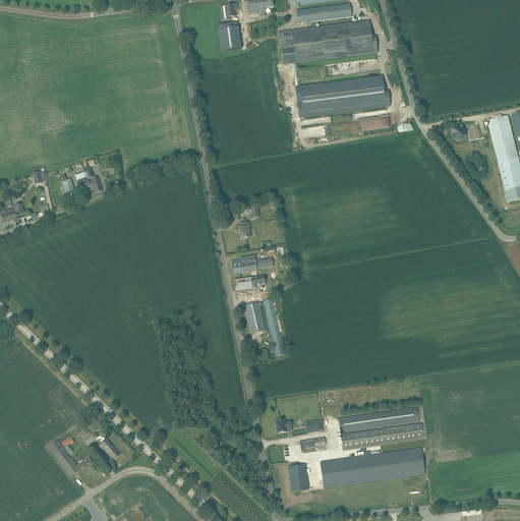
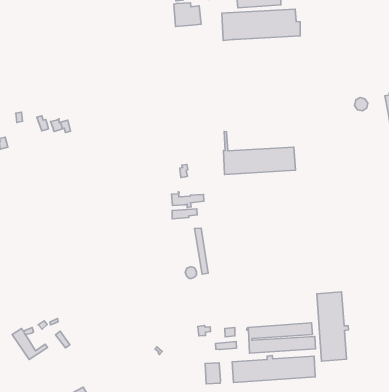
building: [294,62,386,115] -> [224,132,296,174]
building: [244,300,265,333] -> none
building: none -> [317,292,348,361]

